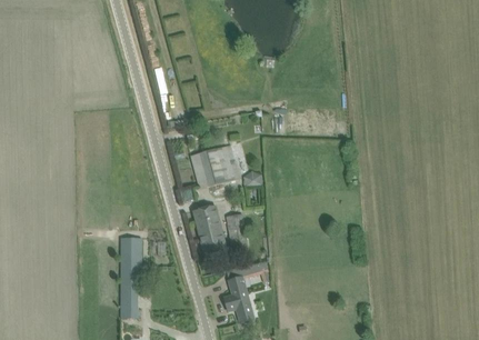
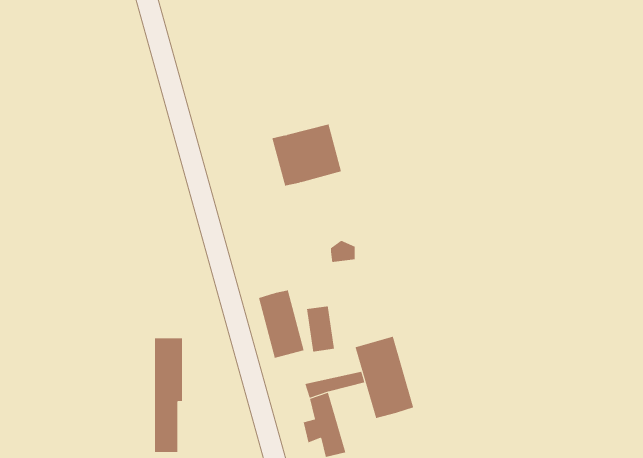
building: [191,144,240,188] -> [272,124,342,186]
building: none -> [355,336,414,419]

